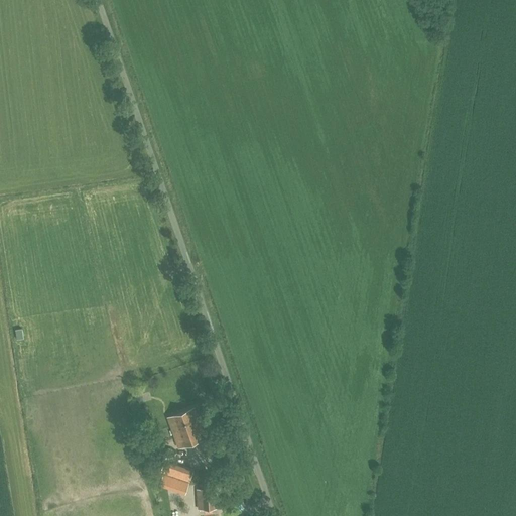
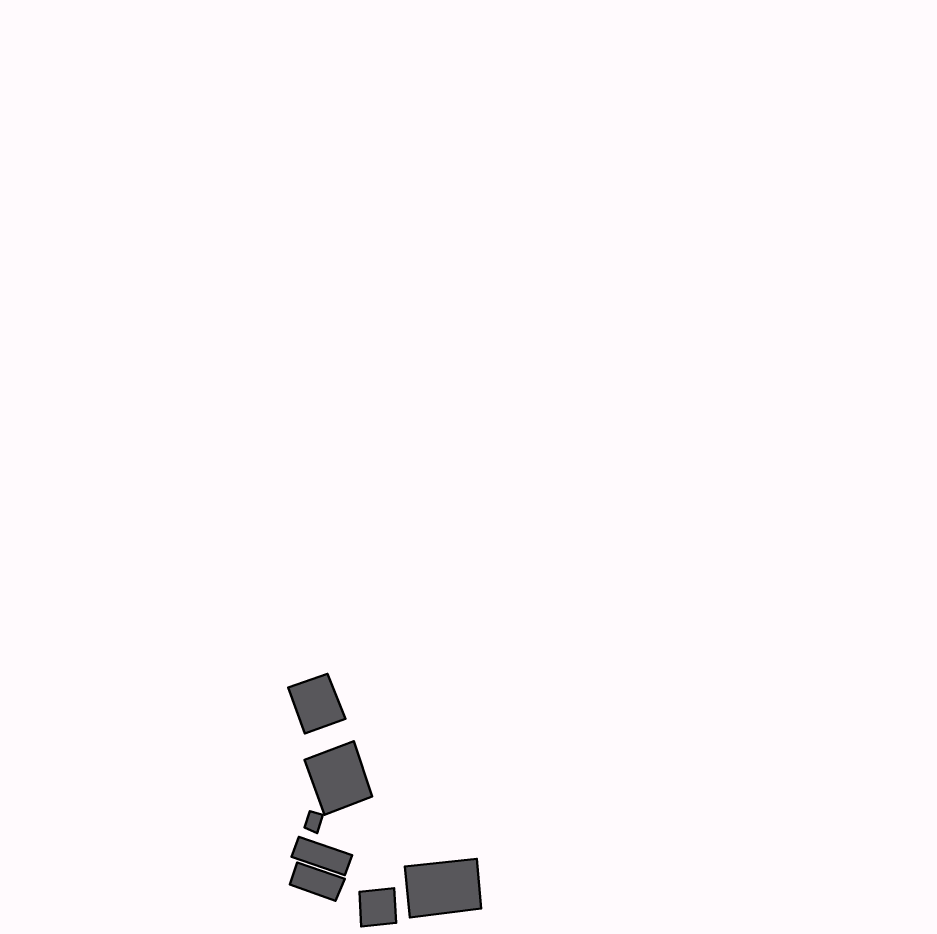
building: none -> [288,674,345,733]
building: none -> [405,859,481,918]

